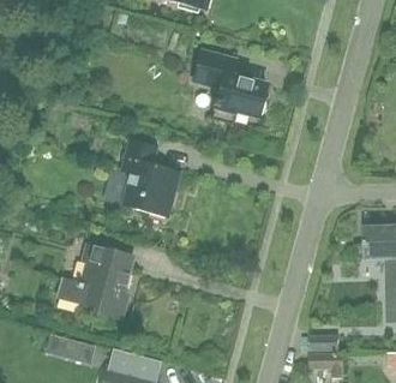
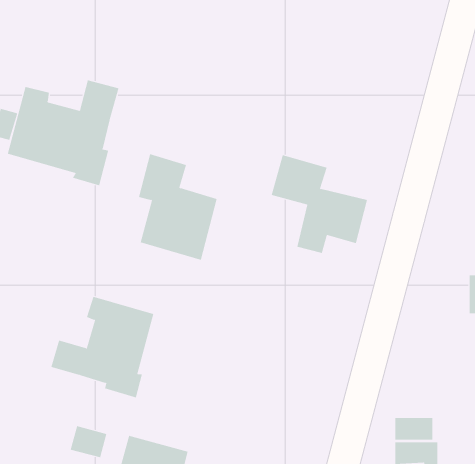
building: [192,50,264,124] -> [271,155,368,253]
building: none -> [7,80,119,186]

